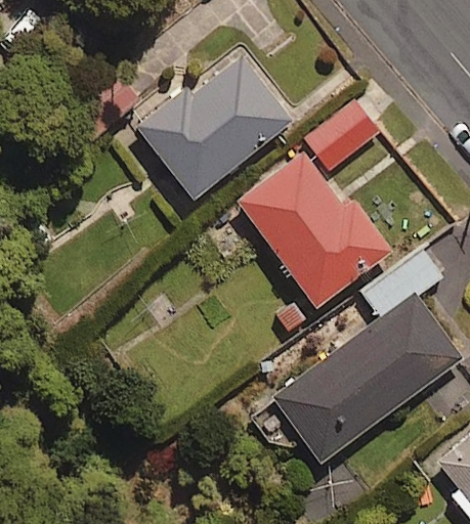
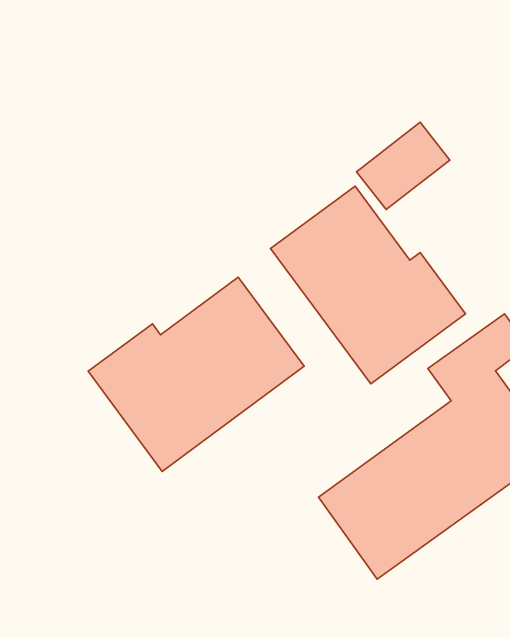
building: [138,50,293,199] -> none
building: none -> [88,277,304,471]

